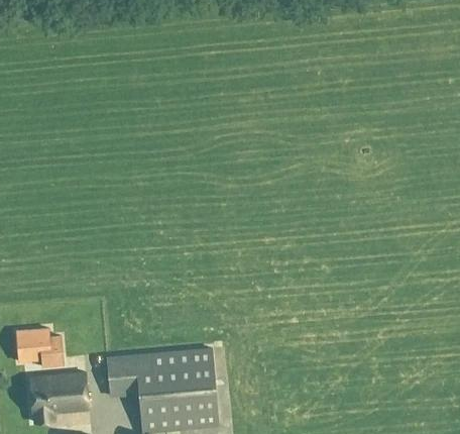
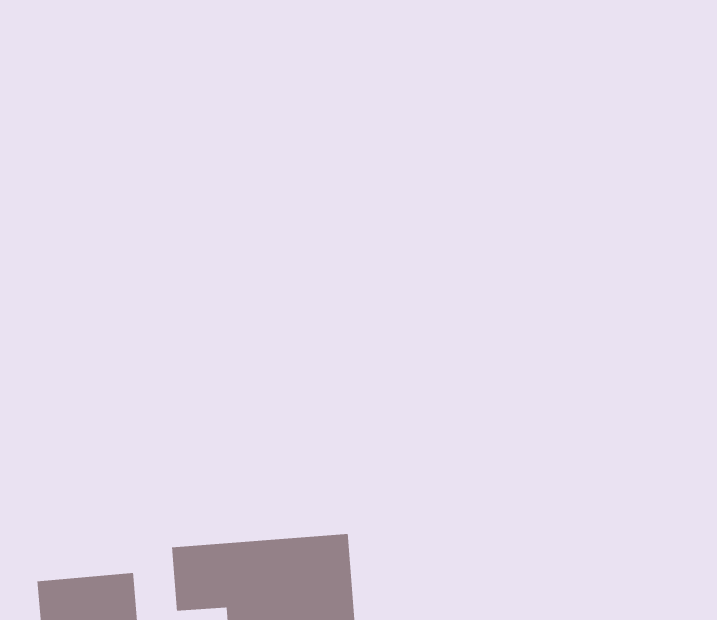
building: [16,329,63,367] -> none

